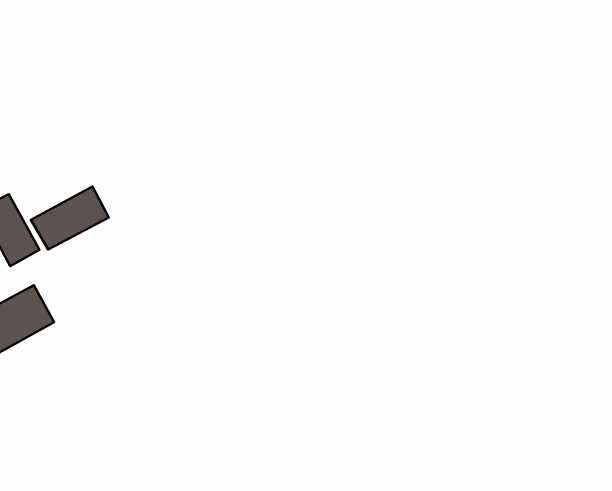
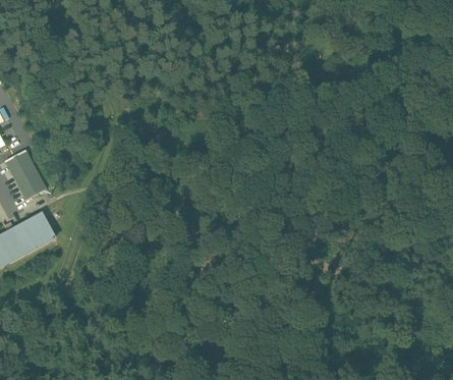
building: [31,186,109,250] -> none

